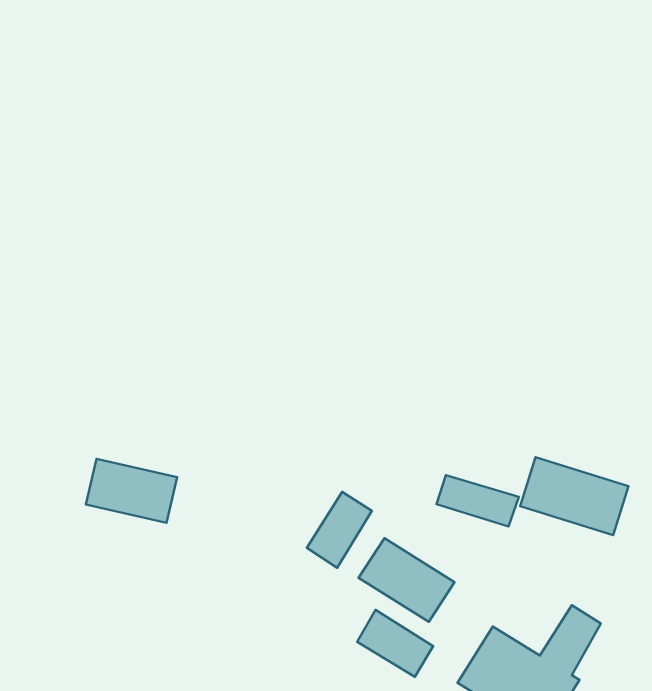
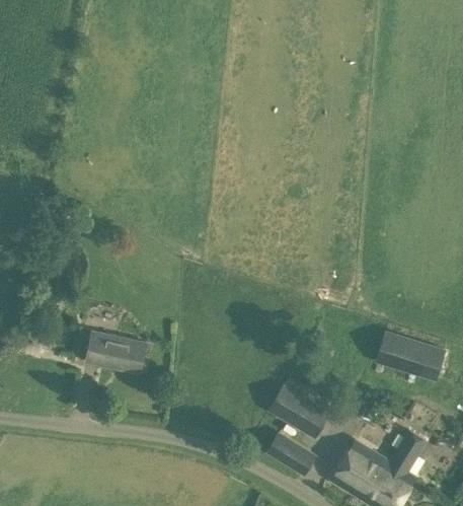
building: [437,475,519,527] -> none
building: [307,492,372,568] -> none

